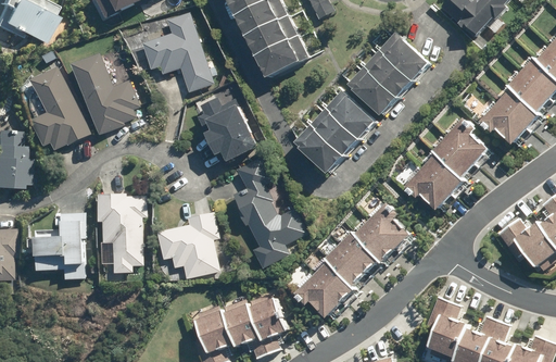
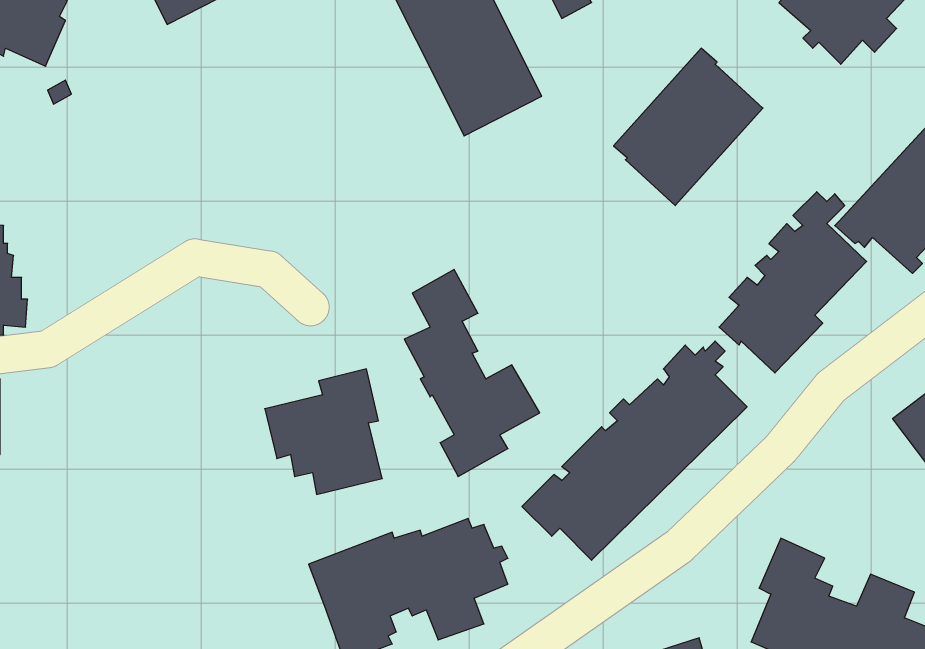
building: [139,12,213,92] -> none
building: [68,52,138,135] -> none
building: [27,66,88,150] -> none
building: [293,92,377,177] -> none
building: [195,97,256,164] -> none
building: [100,190,146,271] -> none
building: [37,210,85,276] -> none

